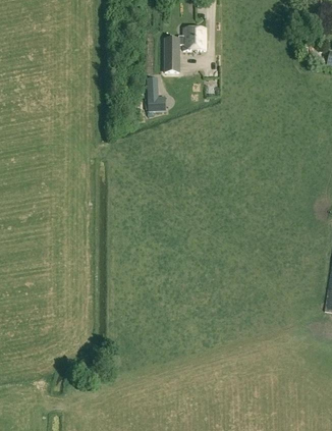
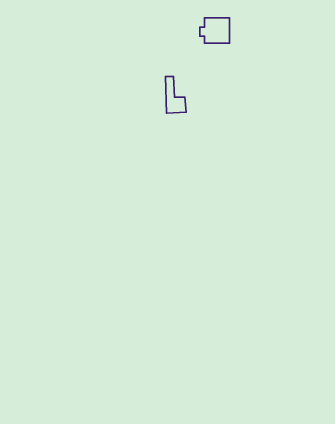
building: [164,37,178,70] -> none

